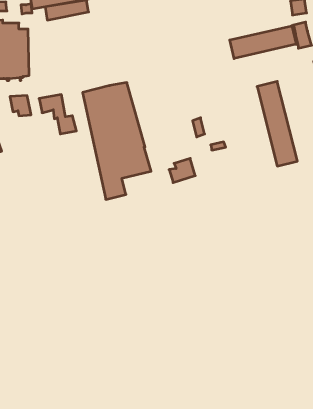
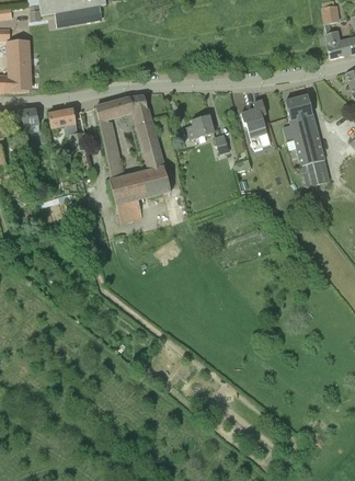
building: [230,26,296,59] -> none
building: none -> [240,99,267,137]
building: [169,158,195,183] -> [185,113,214,139]

